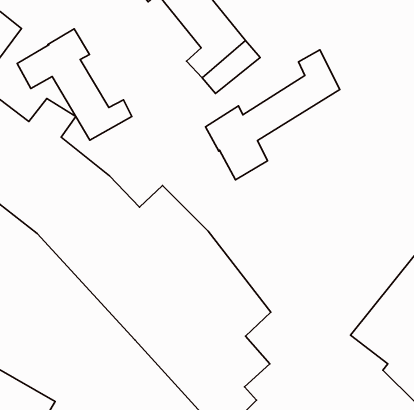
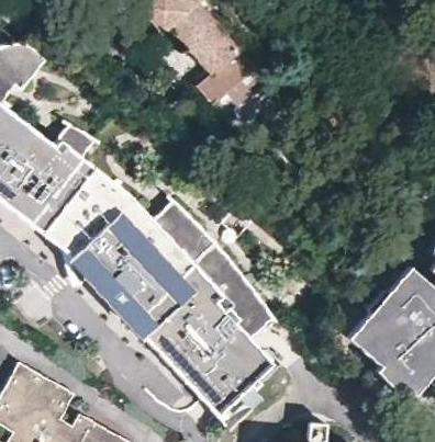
building: [17,29,132,140] -> none
building: [206,50,340,180] -> none

